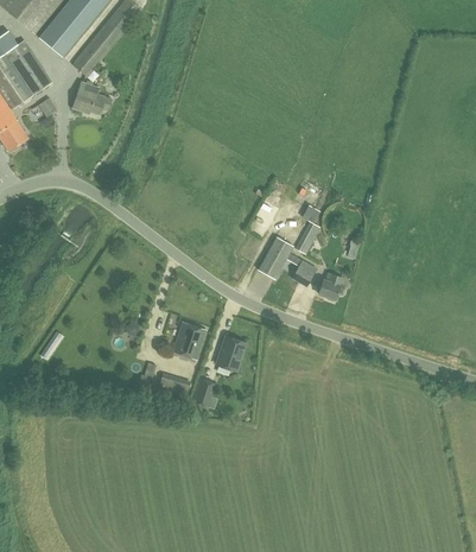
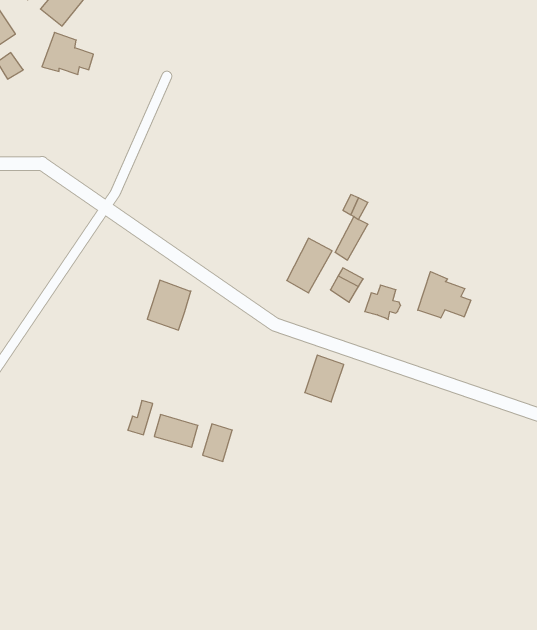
building: none -> [418,272,471,318]
building: [173,321,207,359] -> [147,280,191,330]
building: [216,335,246,370] -> [305,355,344,402]

